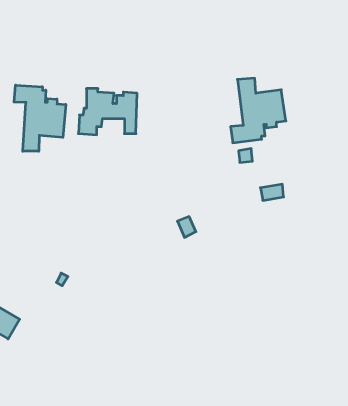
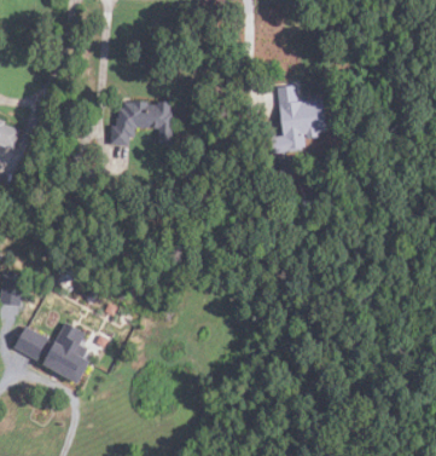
building: [14,85,66,151] -> none
building: none -> [43,324,91,383]

